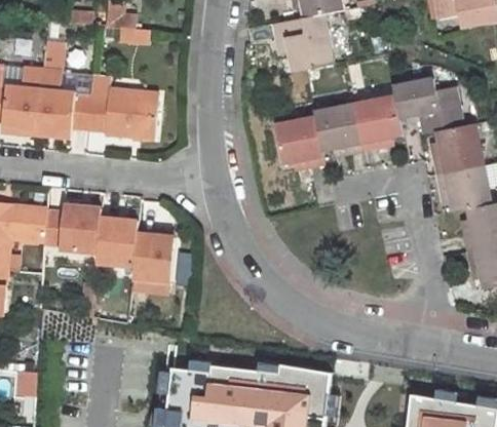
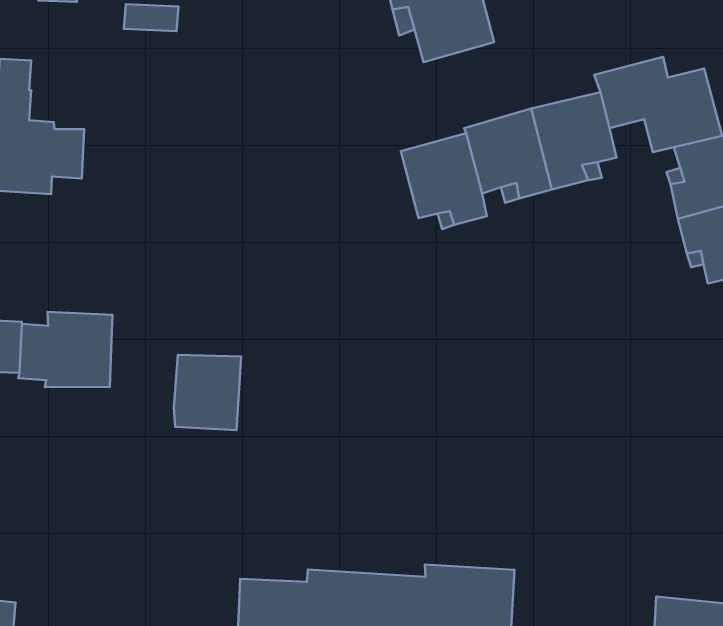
building: [88,76,158,138] -> none
building: [97,218,140,265] -> none

